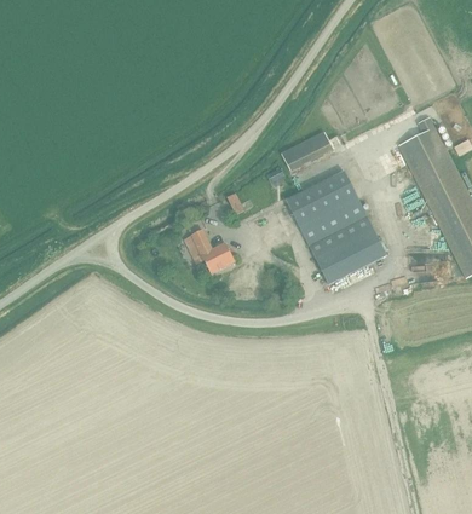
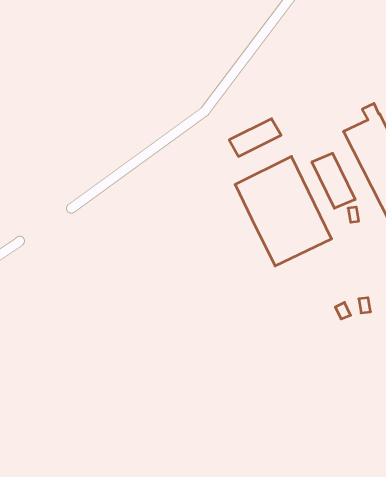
building: none -> [312,153,355,208]
building: [186,229,236,273] -> none

